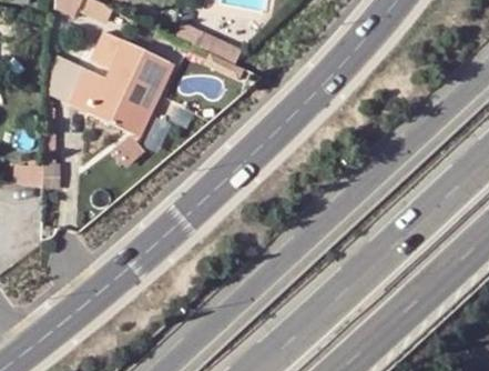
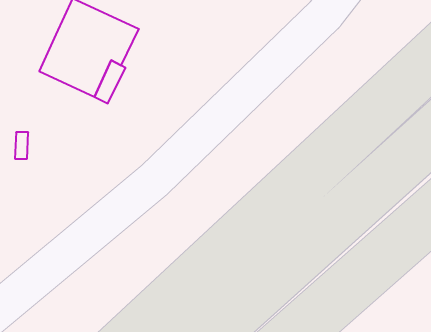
building: [51,51,89,104] -> none

